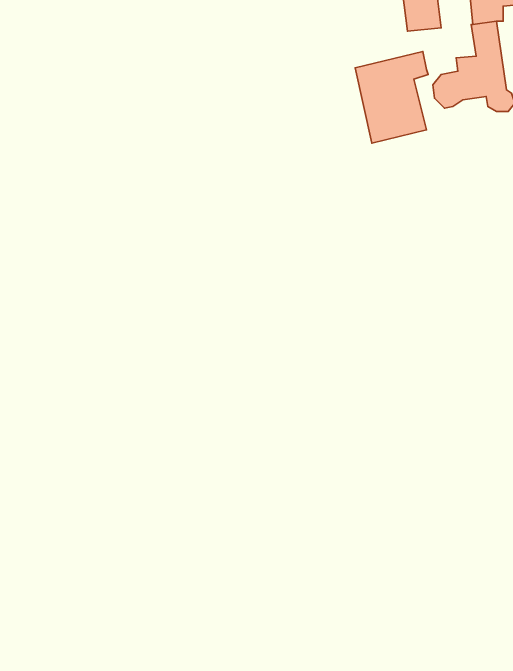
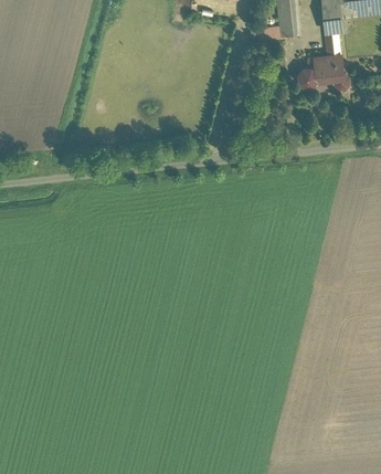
building: [355,52,428,143] -> none

